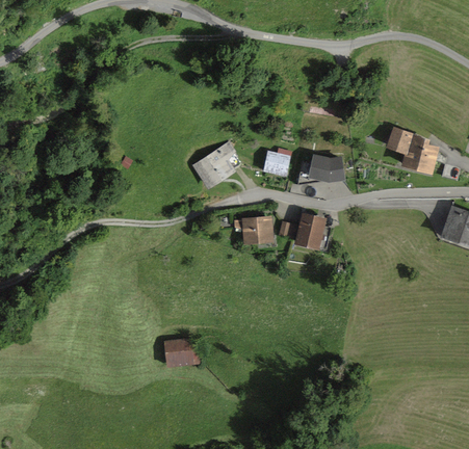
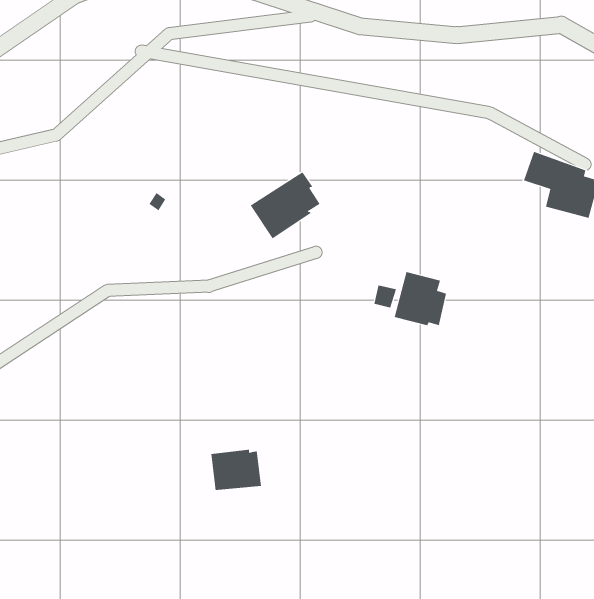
building: [262,148,292,177] -> none
building: [307,154,344,182] -> none
building: [240,215,272,244] -> none

